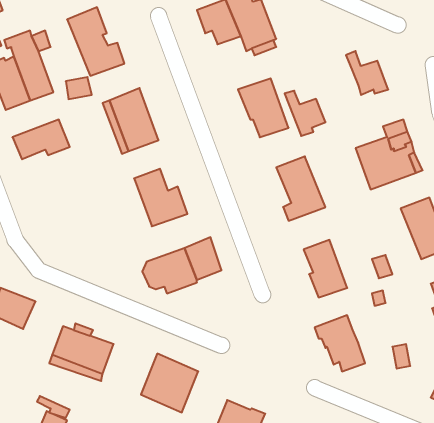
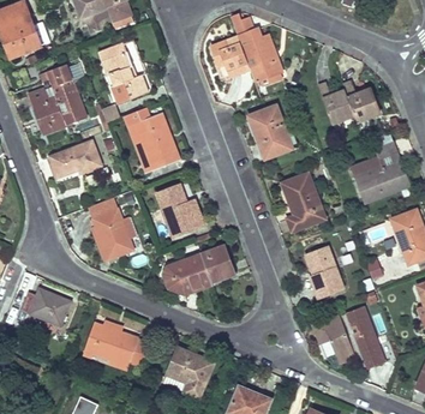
building: [285,91,326,136] -> [317,83,353,122]
building: none -> [91,208,133,258]
building: none -> [343,305,384,370]

